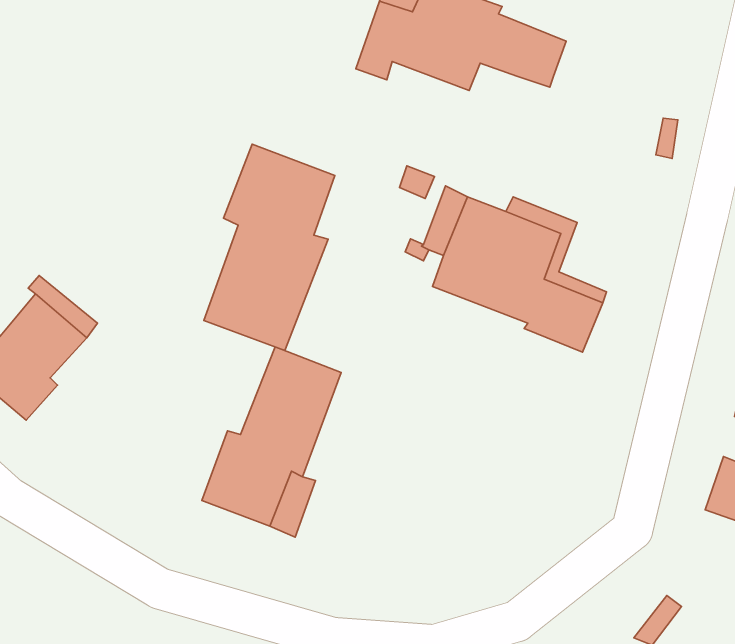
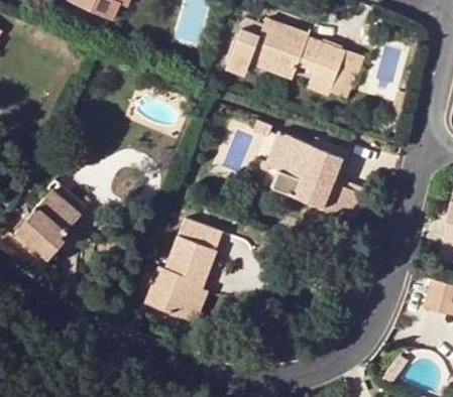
building: none -> [310,51,359,99]
building: [204,144,335,350] -> none

